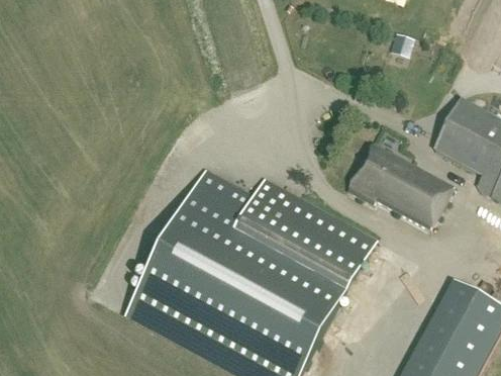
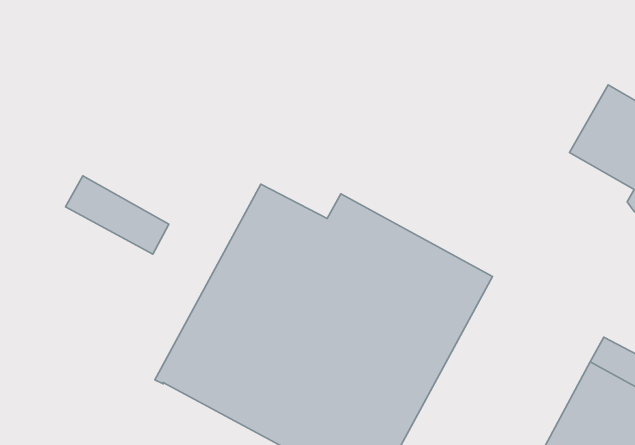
building: [346,140,454,227] -> none
building: none -> [65,176,169,254]

